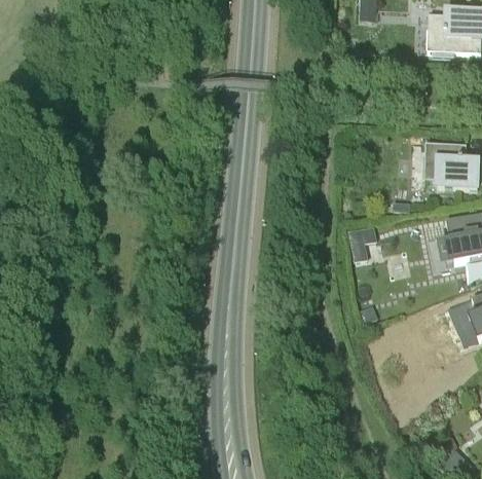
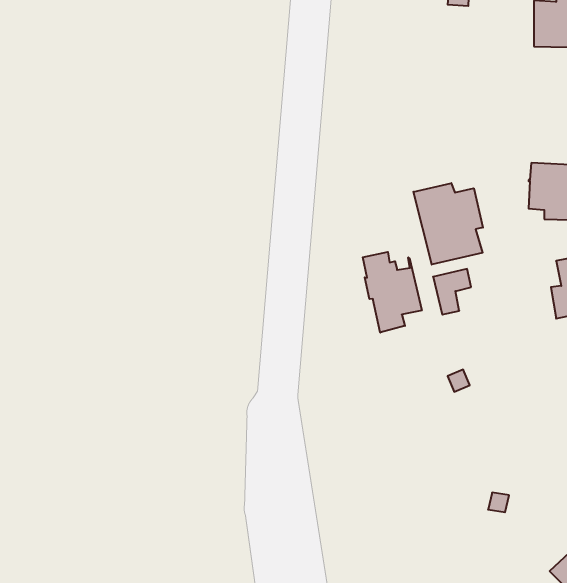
building: none -> [413,183,483,265]
building: none -> [363,252,422,333]

